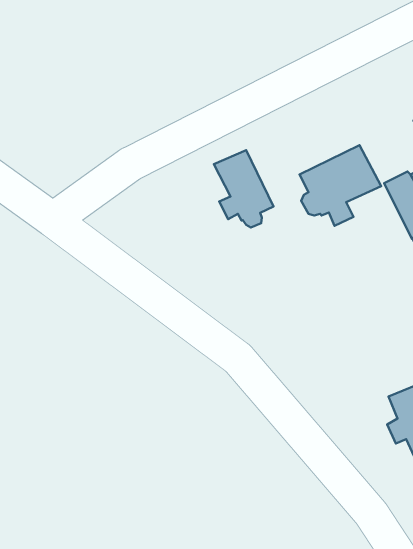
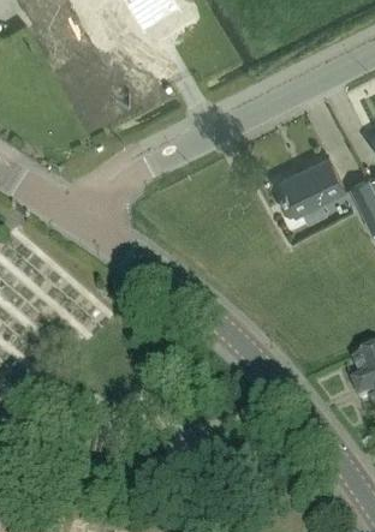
building: [214,150,274,227] -> none

